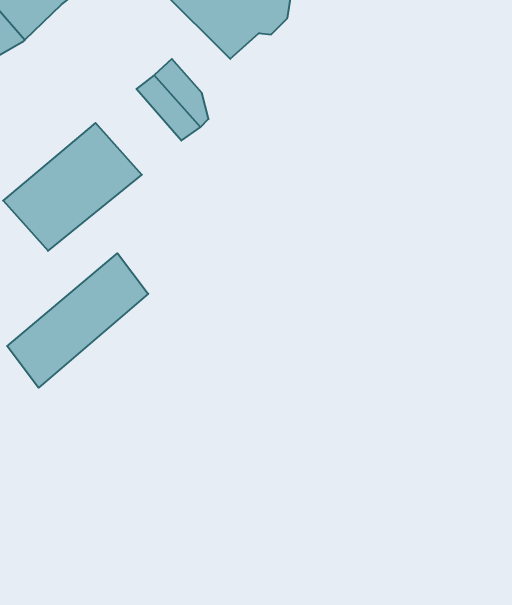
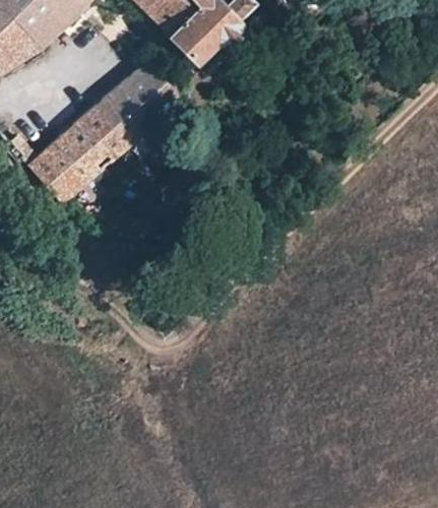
building: none -> [95,80,159,144]
building: [7,253,148,388] -> none

